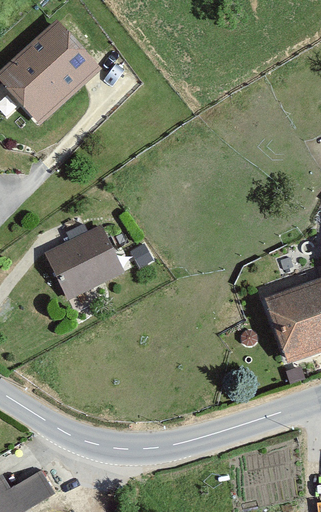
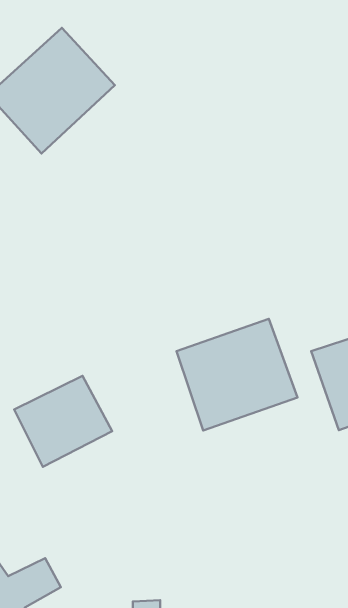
building: [42,224,124,300] -> [14,376,112,467]
building: none -> [177,319,298,431]

